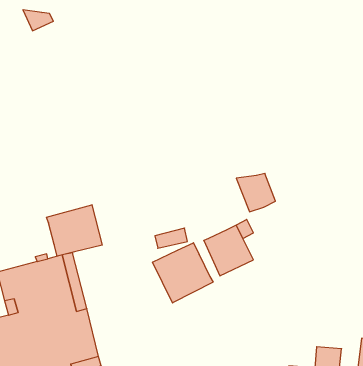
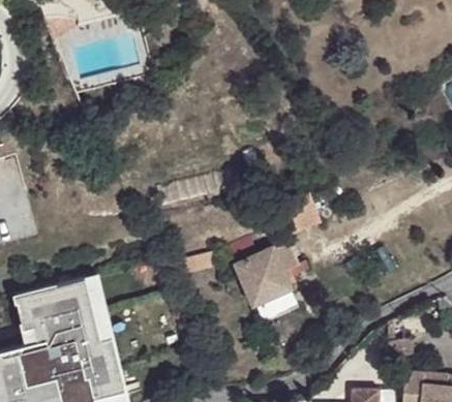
building: [47,205,102,256] -> none
building: [153,243,213,303] -> none

